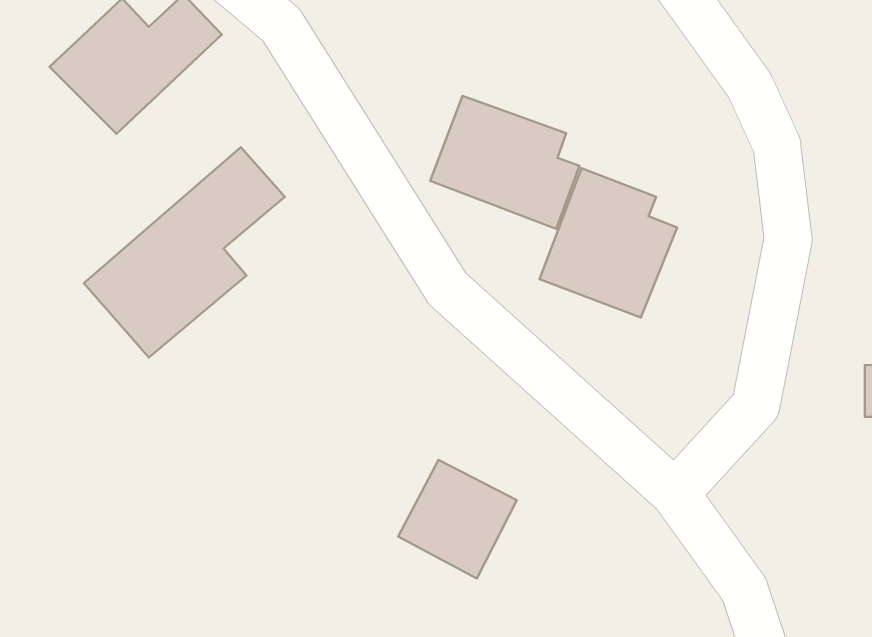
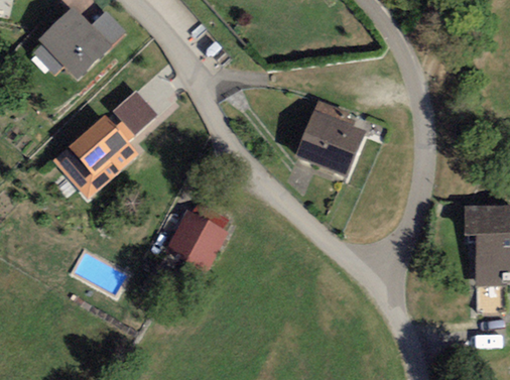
building: [430,96,579,229] -> none
building: [398,460,517,578] -> [167,211,230,273]

